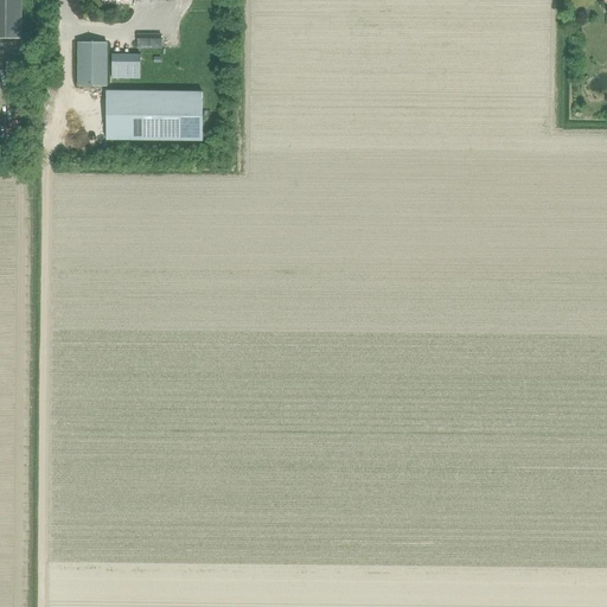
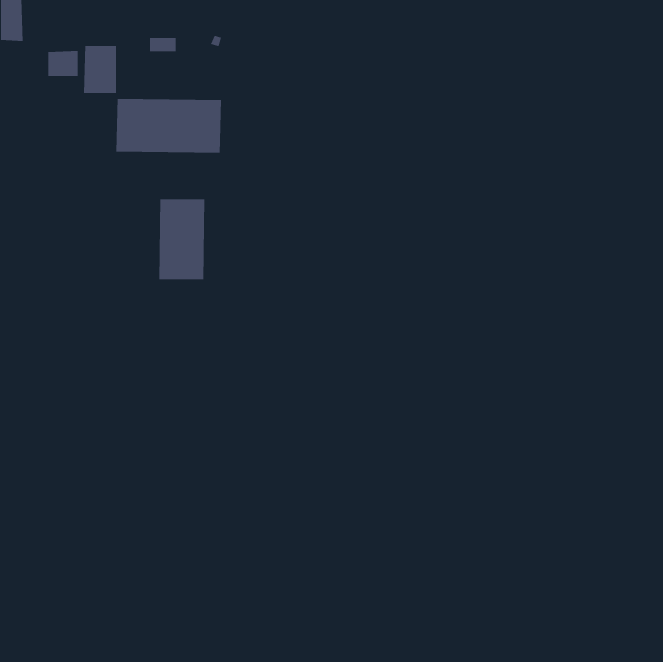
building: [111,53,140,77] -> [47,51,79,77]
building: none -> [159,198,205,280]

